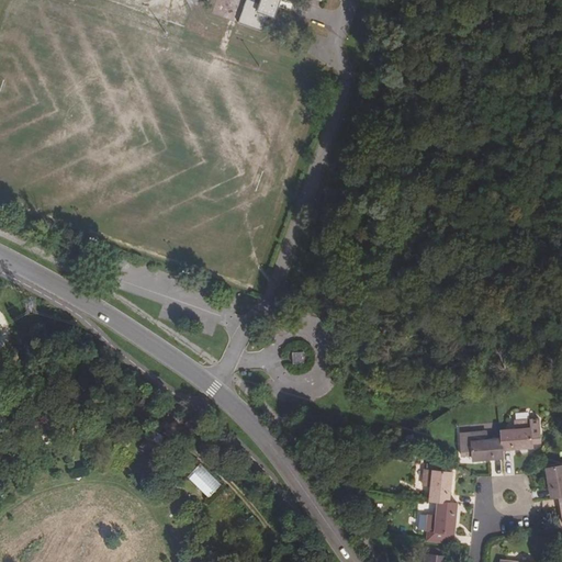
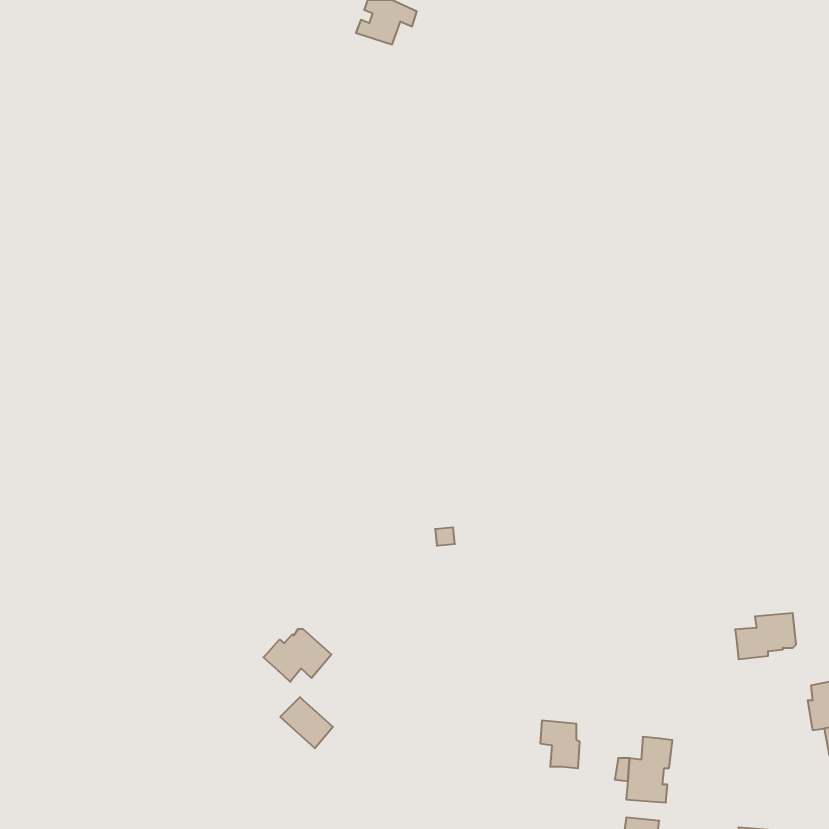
building: none -> [263,629,331,682]
building: [458,430,501,458] -> none
building: [423,469,449,501] -> [540,720,580,768]

